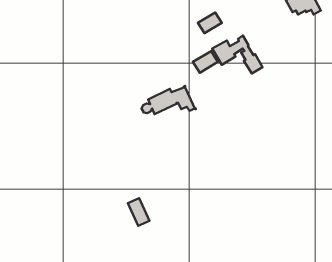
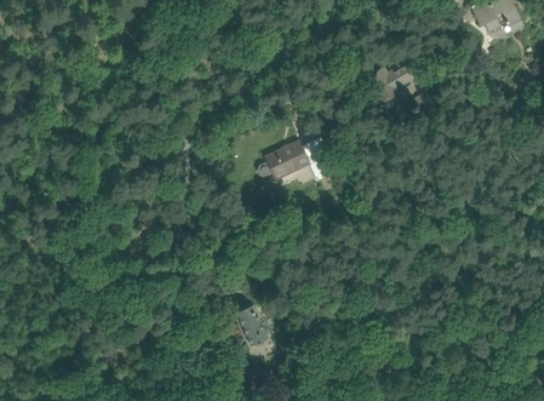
building: [198,12,222,33] -> none
building: [193,51,218,73] -> none

